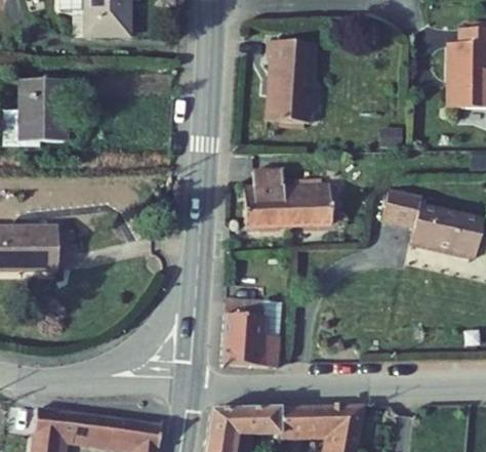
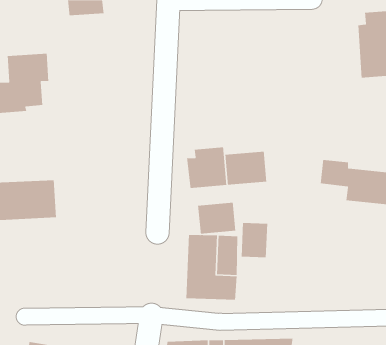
building: [264,41,316,122] -> none
building: none -> [197,202,236,234]
building: none -> [241,222,268,258]

